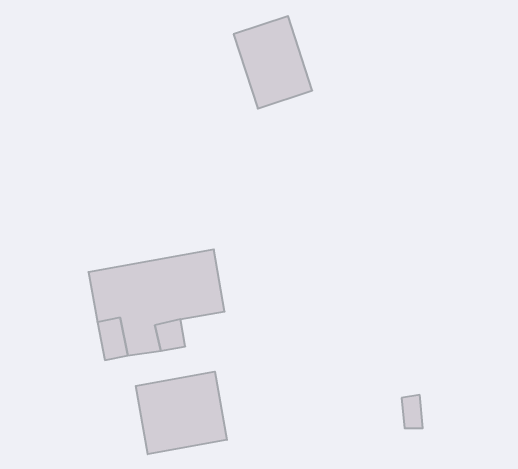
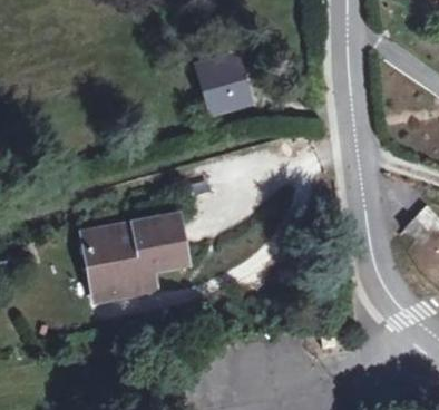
building: [136,372,227,454] -> none

